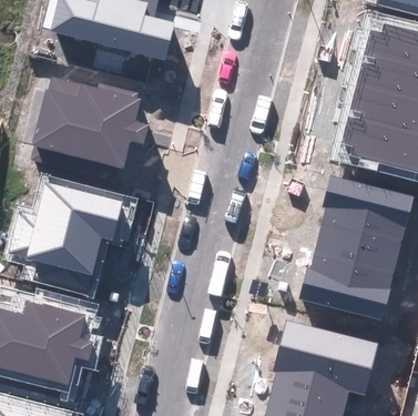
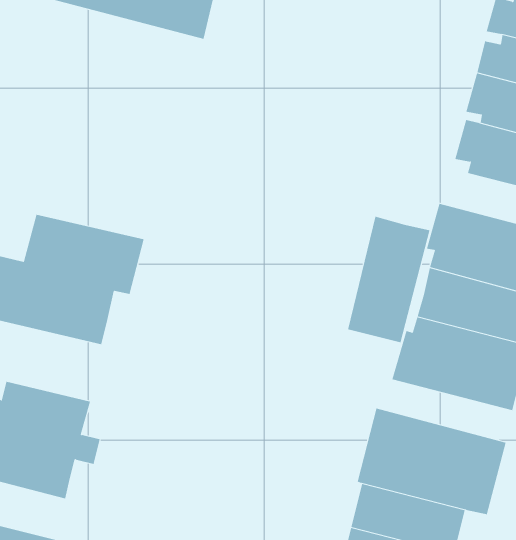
building: [31,77,150,177] -> none
building: none -> [347,216,430,343]

